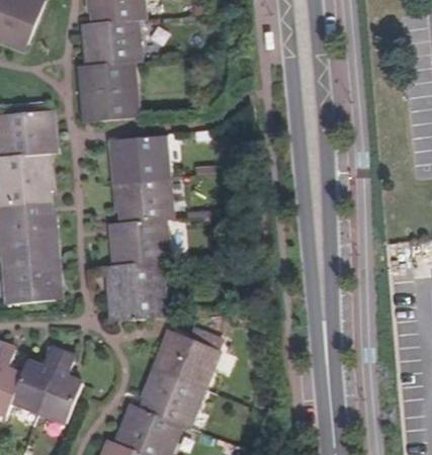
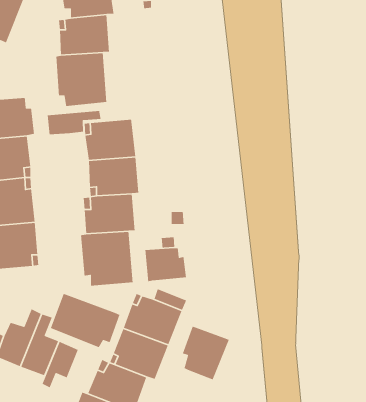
building: none -> [47,110,102,135]
building: none -> [145,248,187,282]
building: none -> [50,293,120,348]
building: none -> [182,325,230,381]
building: none -> [41,341,79,388]

